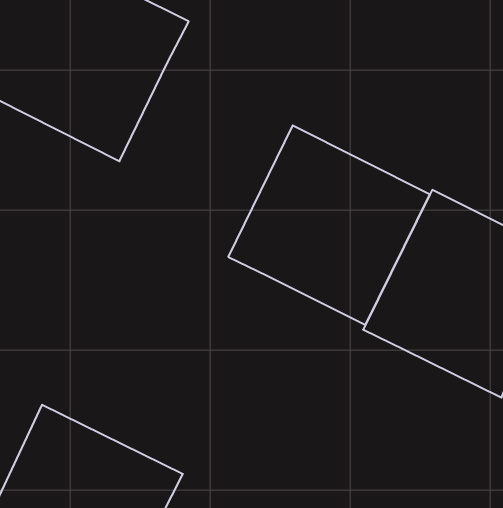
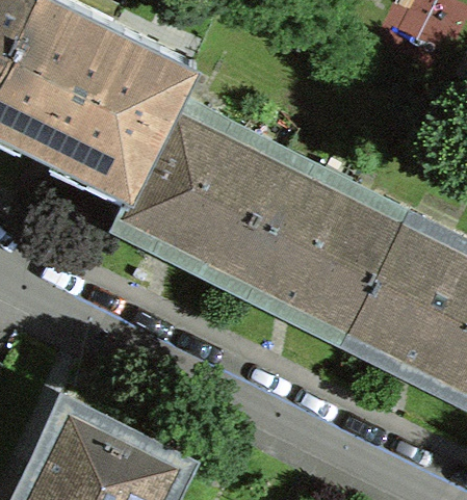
building: none -> [112,104,278,272]

